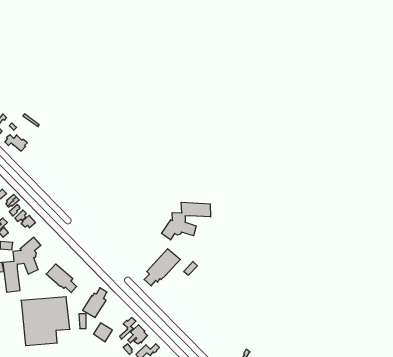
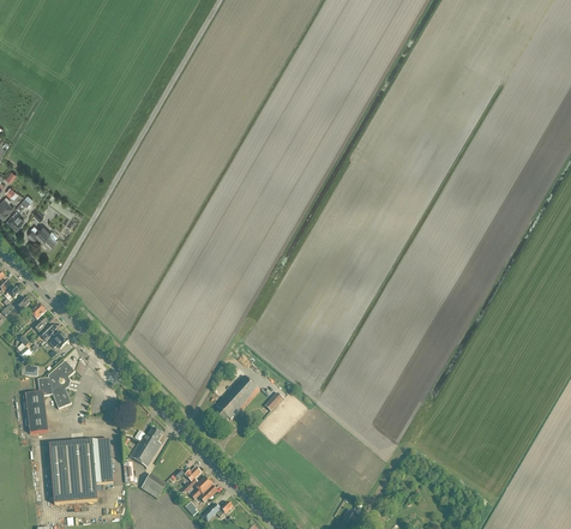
building: [162,202,211,240] -> none
building: [46,264,77,293] -> none

